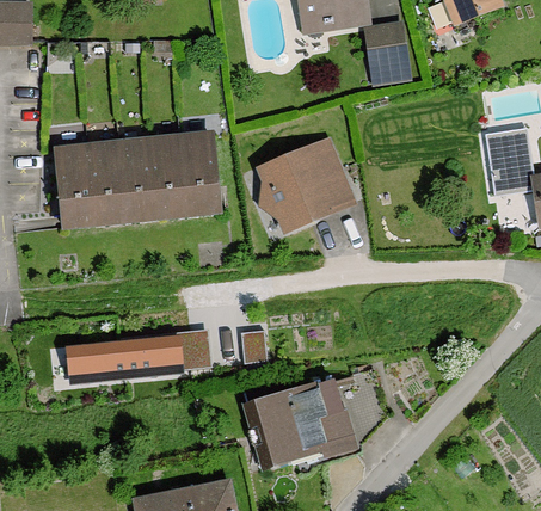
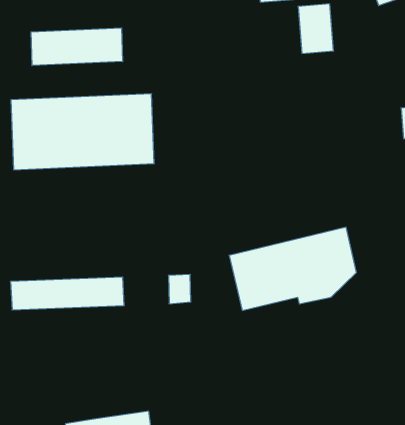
building: none -> [31,28,123,66]
building: [260,141,337,227] -> none
building: [246,365,387,463] -> [229,227,356,310]

